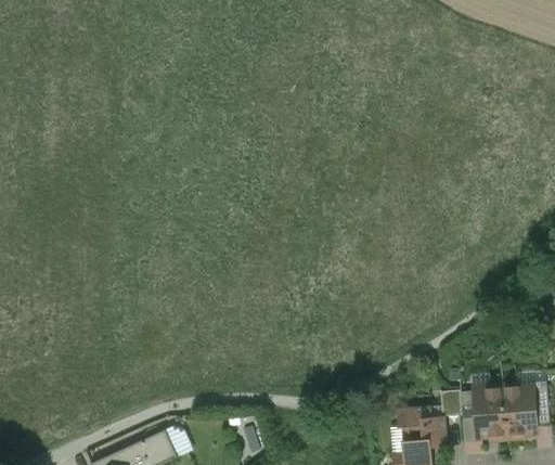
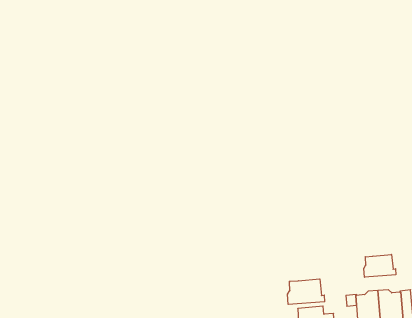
building: none -> [364,254,396,277]
building: none -> [288,279,325,304]

